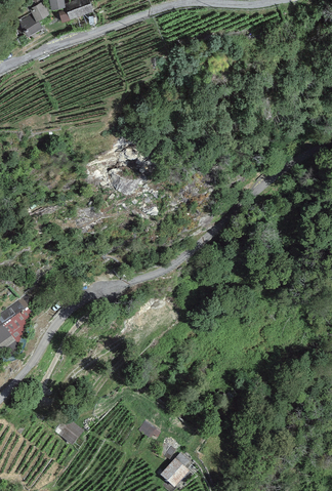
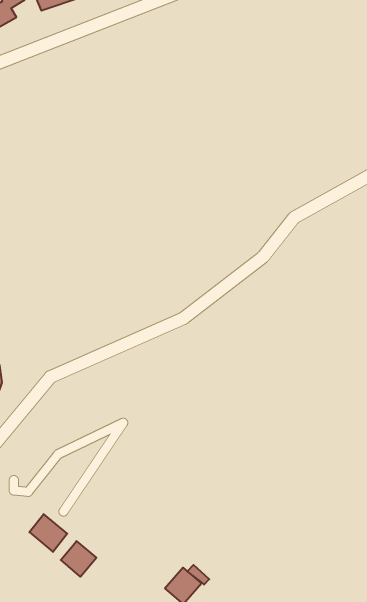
building: none -> [61,541,96,577]

